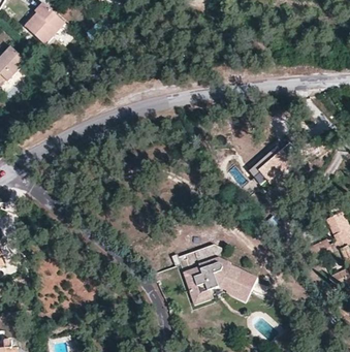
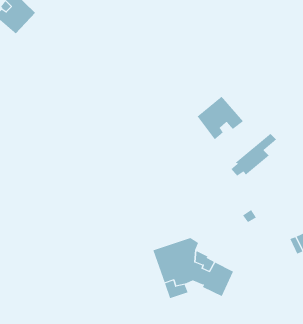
building: none -> [197,96,244,140]

